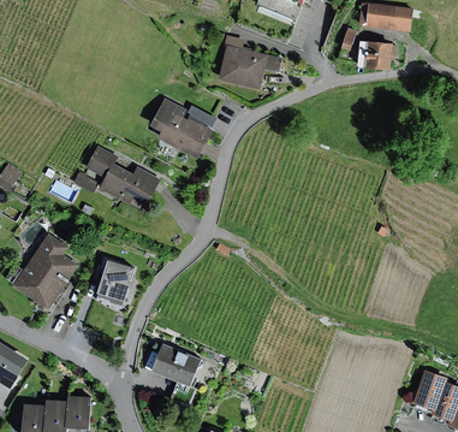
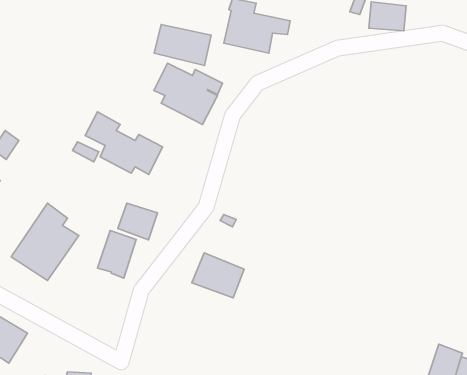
building: none -> [154,25,211,65]
building: none -> [118,203,158,240]
building: [150,343,201,386] -> [192,253,244,298]

